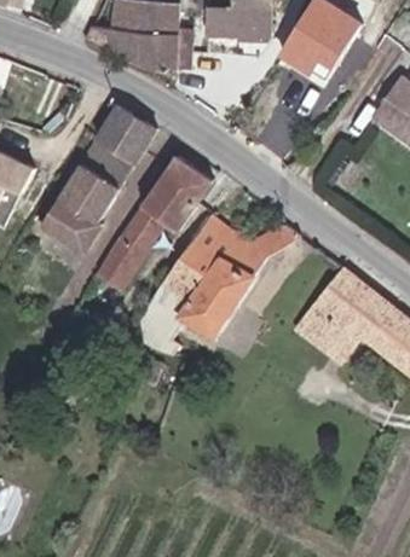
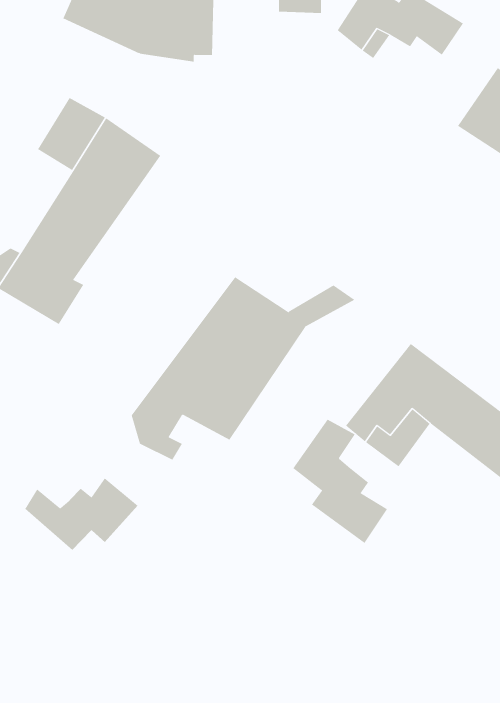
building: [93,156,213,291] -> none
building: none -> [293,419,388,544]
building: none -> [25,477,138,551]

